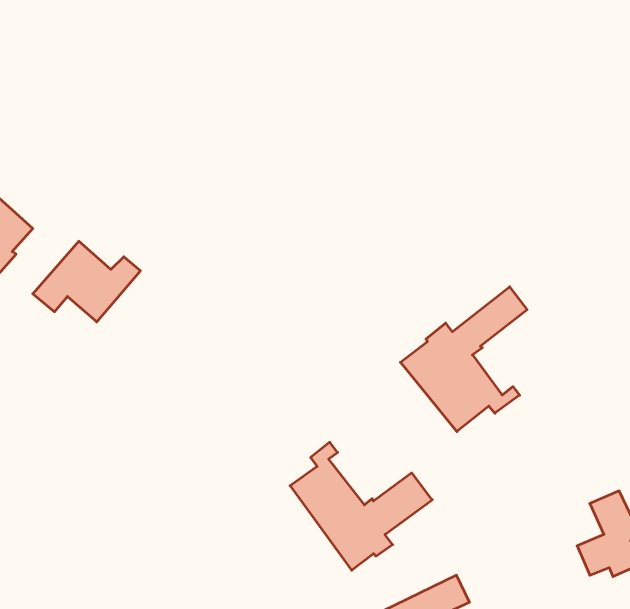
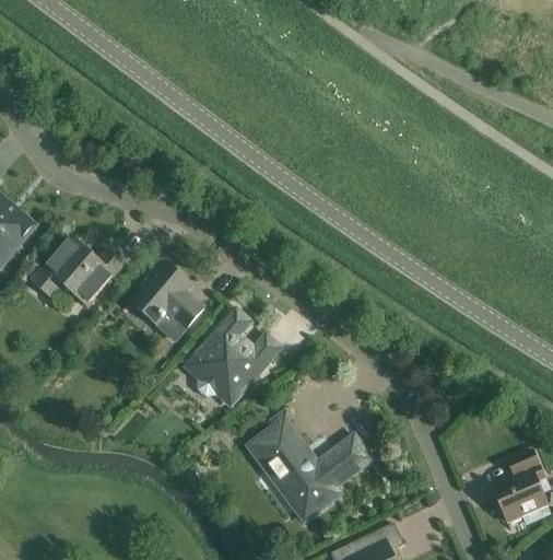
building: none -> [134,261,202,328]
building: [400,287,527,432] -> none
building: none -> [186,310,278,404]

